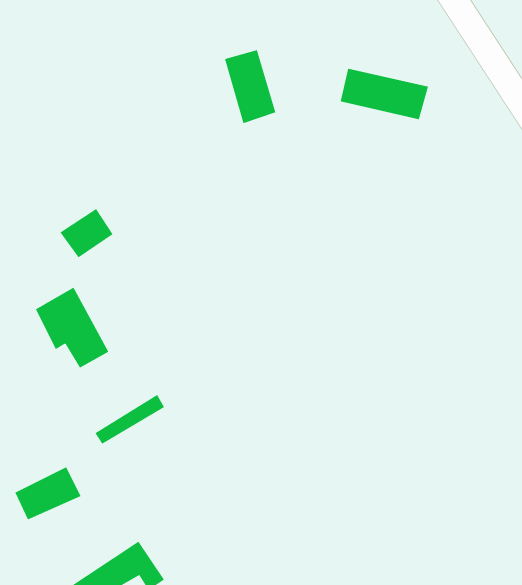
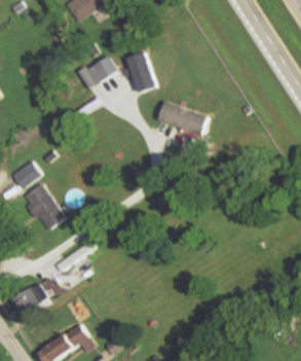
building: none -> [78,57,116,87]
building: [340,68,429,120] -> [158,103,208,132]
building: [60,208,113,258] -> [10,160,40,188]

